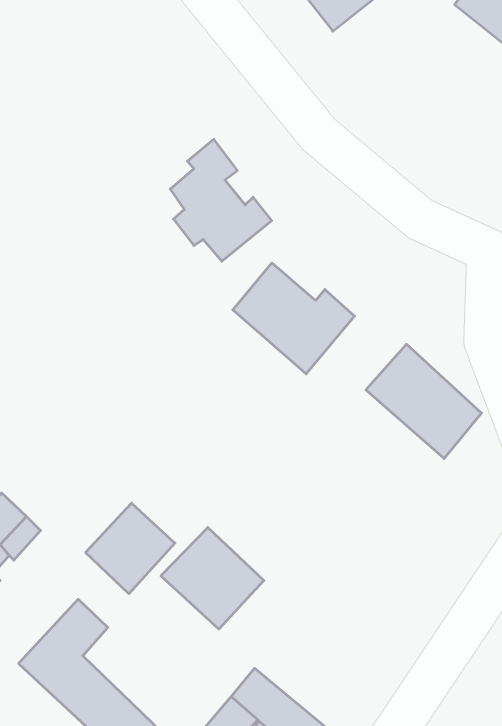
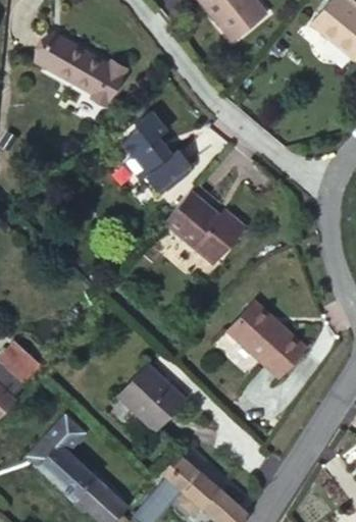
building: none -> [36,33,126,108]
building: [366,344,482,459] -> [228,306,304,380]
building: [86,503,175,594] -> none

